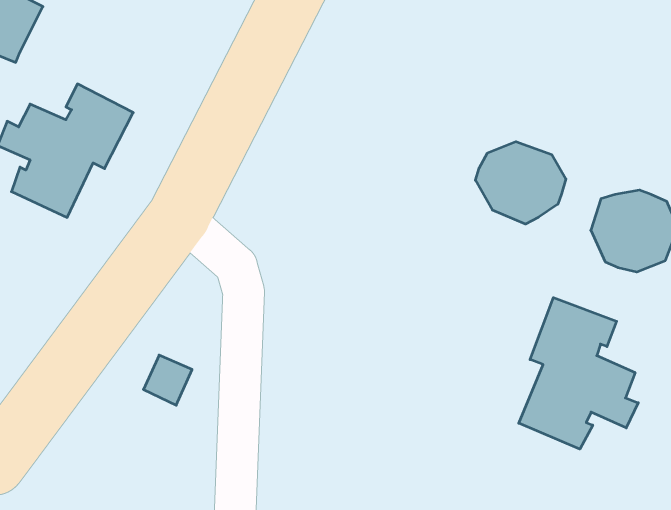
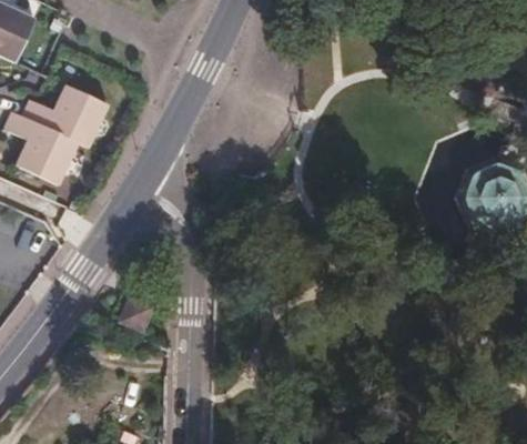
building: [475,142,566,224] -> none
building: [519,298,638,449] -> none

